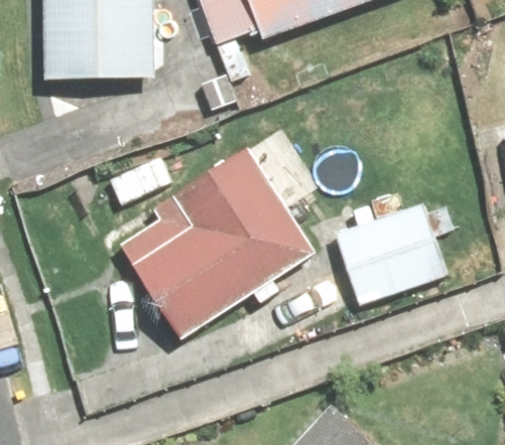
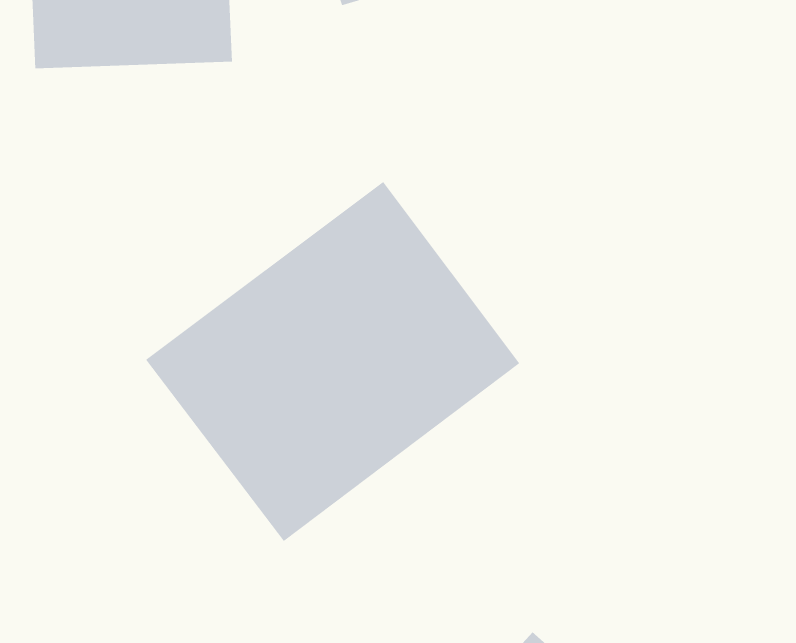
building: [335,198,455,306] -> none

